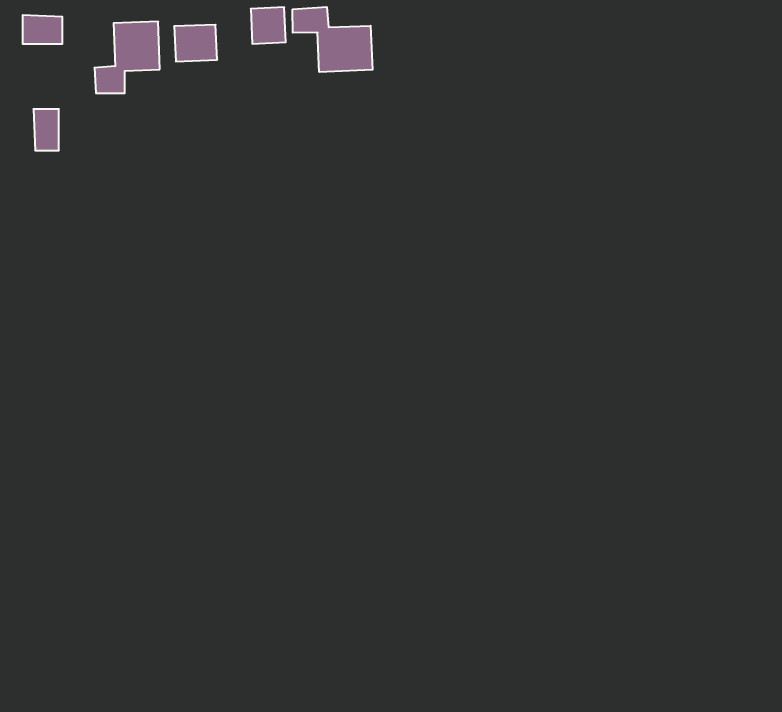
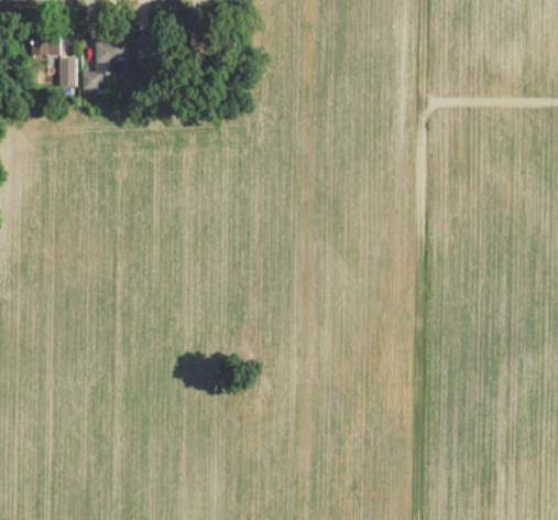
building: [293,7,373,72] -> none
building: [33,109,59,150] -> [58,58,76,87]

